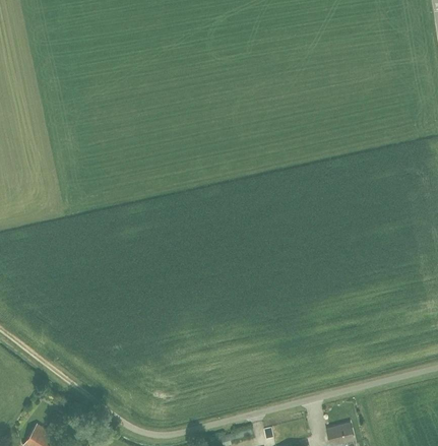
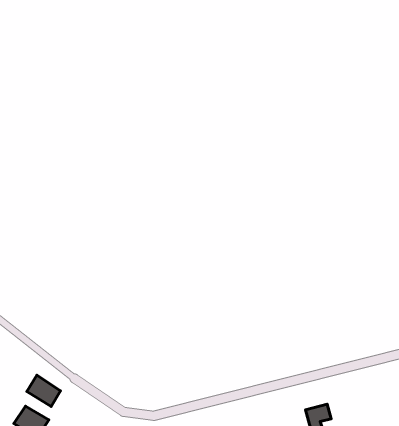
building: none -> [27,375,60,407]

